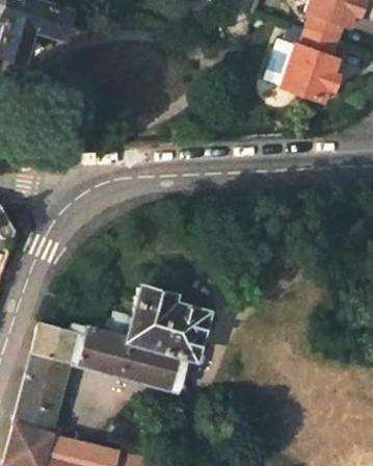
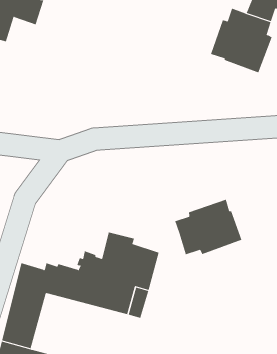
building: none -> [175,199,242,255]

